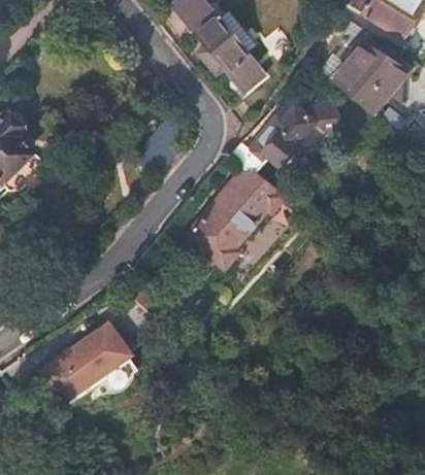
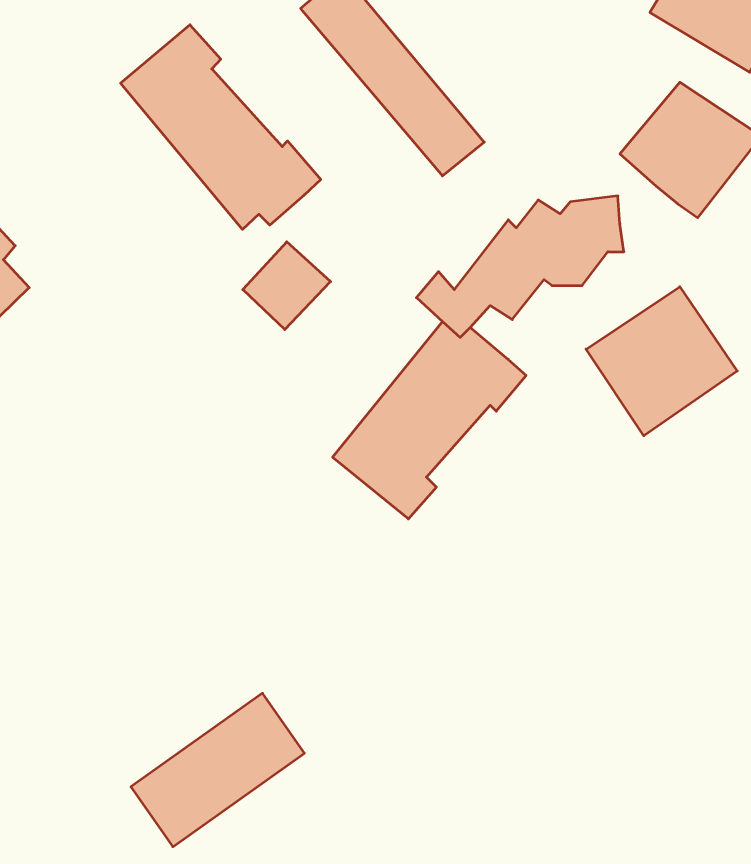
building: none -> [121,25,321,229]
building: none -> [586,287,737,436]
building: [41,324,131,403] -> [131,693,304,847]

